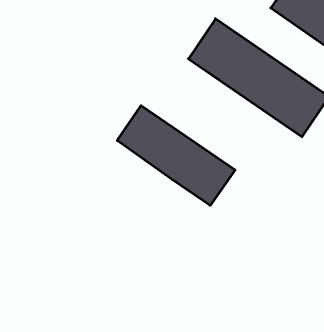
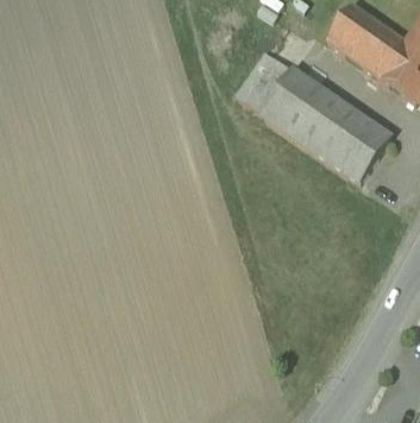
building: [117,106,235,205] -> none

